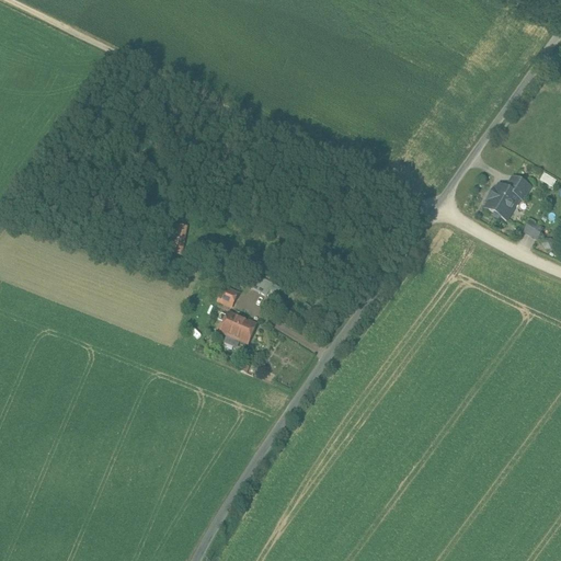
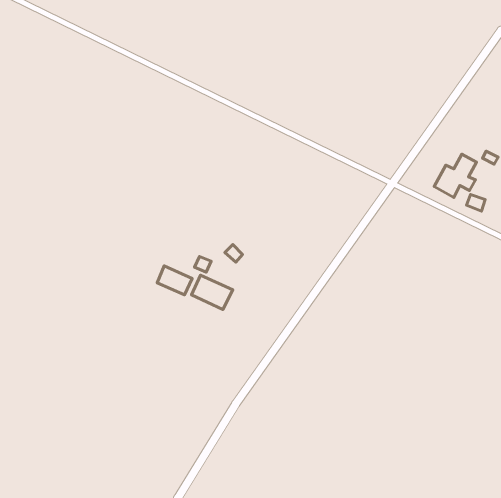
building: none -> [157,266,192,295]

